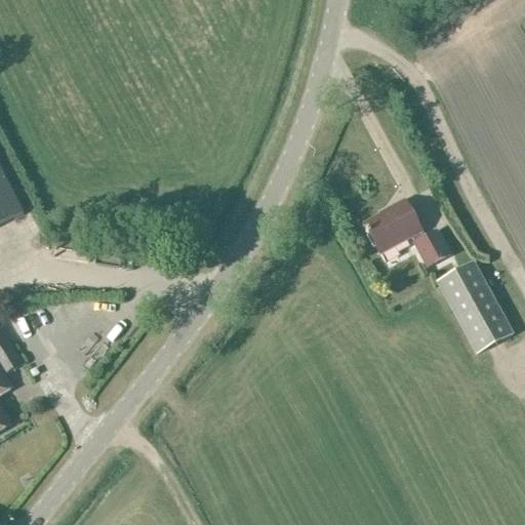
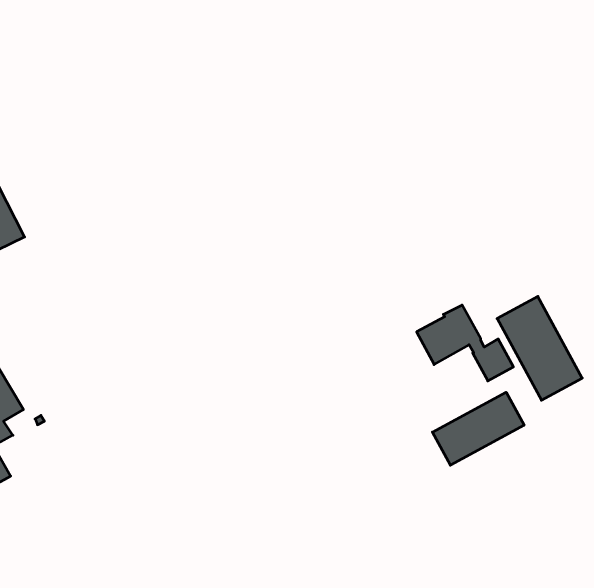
building: [364,199,449,266] -> [417,305,513,381]
building: none -> [432,392,524,465]

